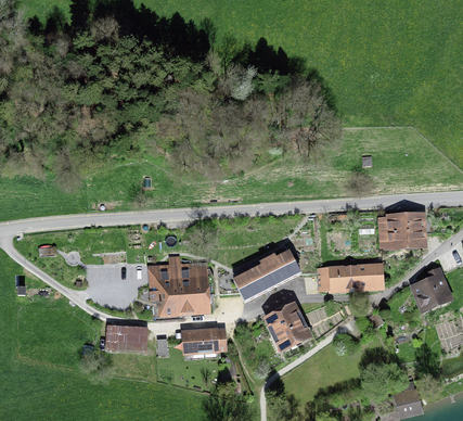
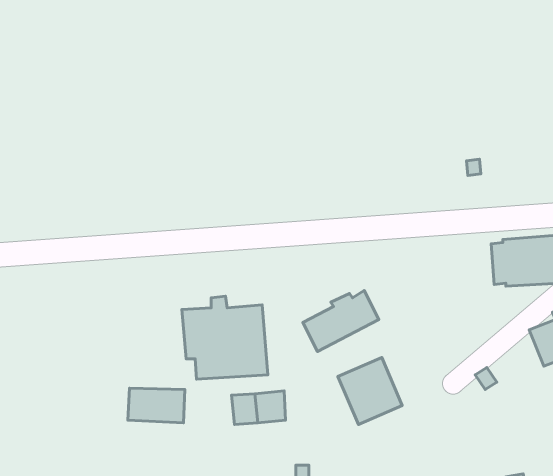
building: [317,261,384,292] -> none

